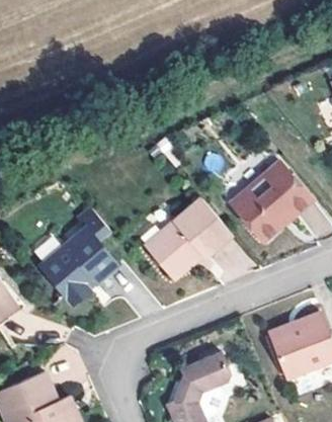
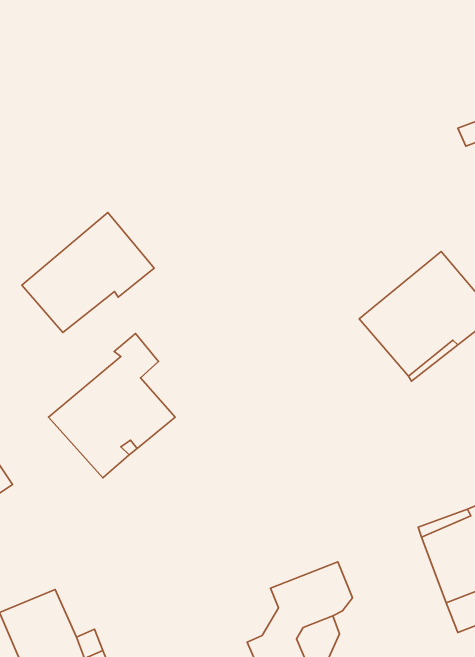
building: none -> [22,212,154,333]
building: [145,197,234,276] -> none

